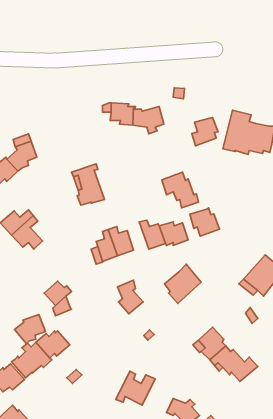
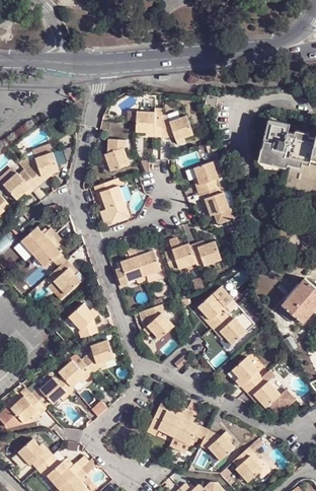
building: [192,118,218,146] -> [189,165,218,196]
building: none -> [102,139,129,172]
building: [190,208,220,236] -> none
building: none -> [49,262,80,299]
building: none -> [211,306,252,346]
building: [14,315,45,344] -> [81,343,114,374]
building: none -> [172,411,206,447]

